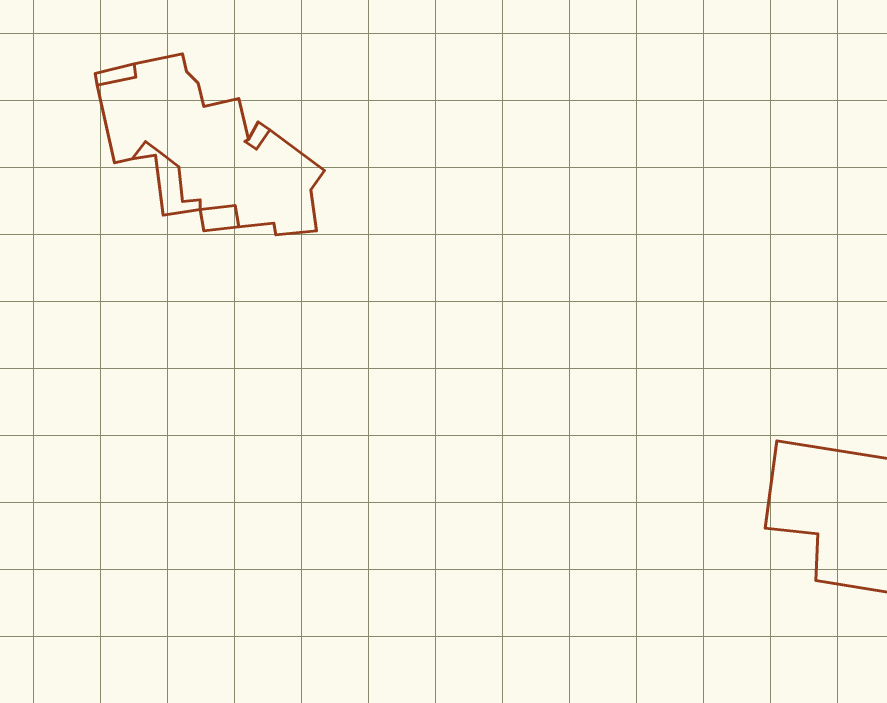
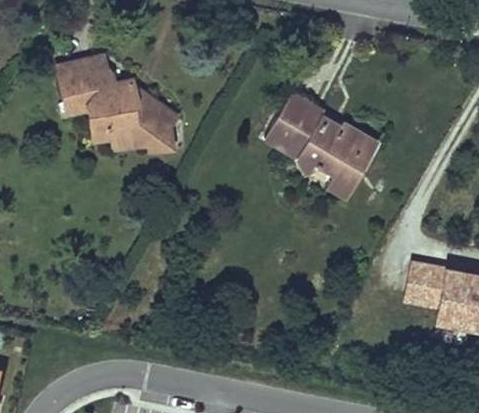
building: none -> [266,94,379,198]

